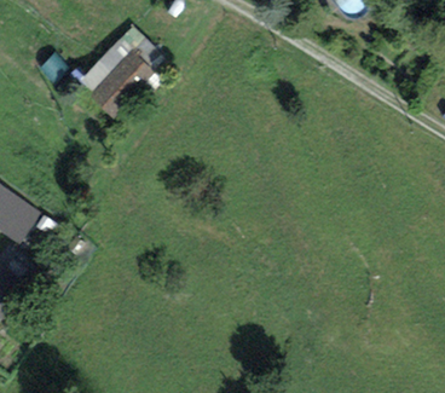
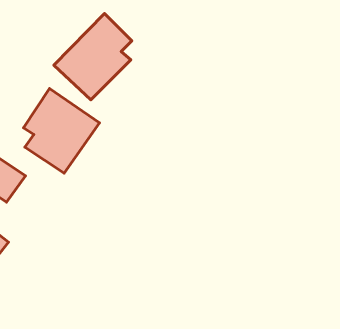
building: none -> [23,89,100,173]

